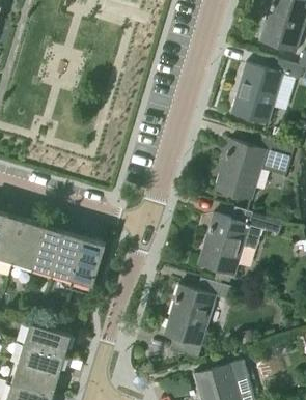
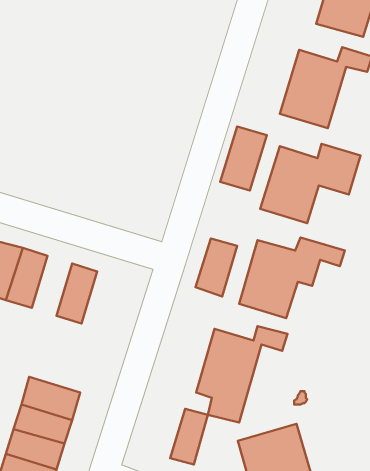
building: none -> [220,126,267,191]
building: none -> [195,238,237,296]
building: [31,227,63,275] -> none
building: [71,239,104,287] -> none
building: none -> [170,409,208,465]

